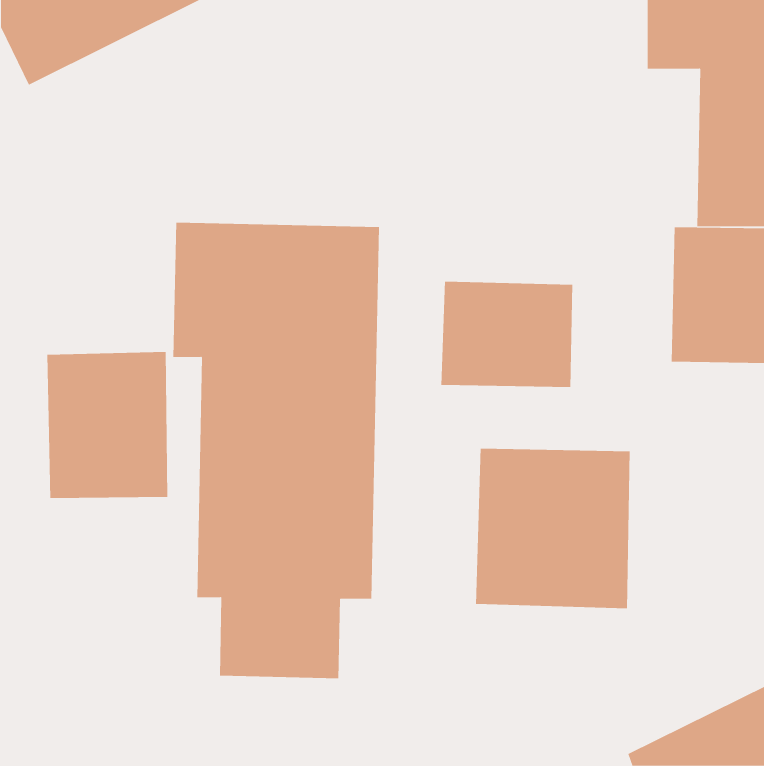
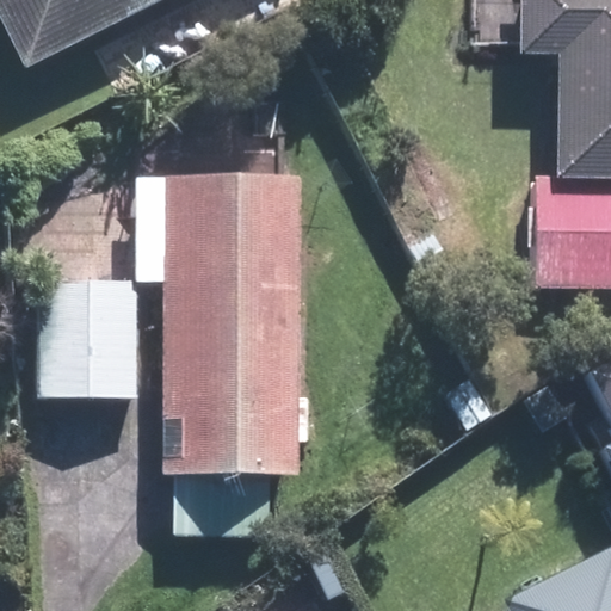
building: [441,281,573,388] -> none
building: [476,448,630,609] -> none

